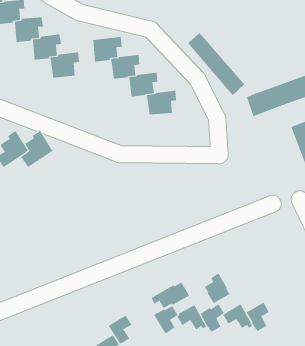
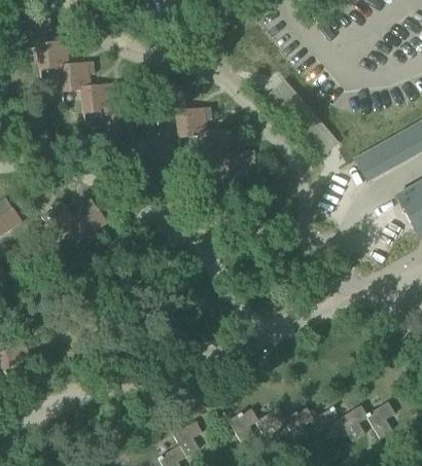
building: [204,273,230,304] -> none
building: [151,281,190,309] -> none
building: none -> [366,401,395,437]

